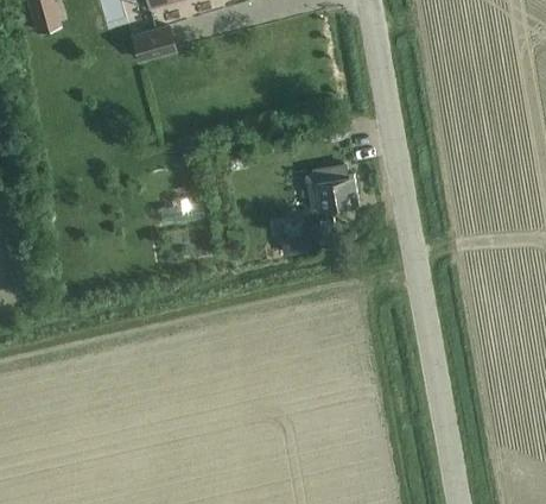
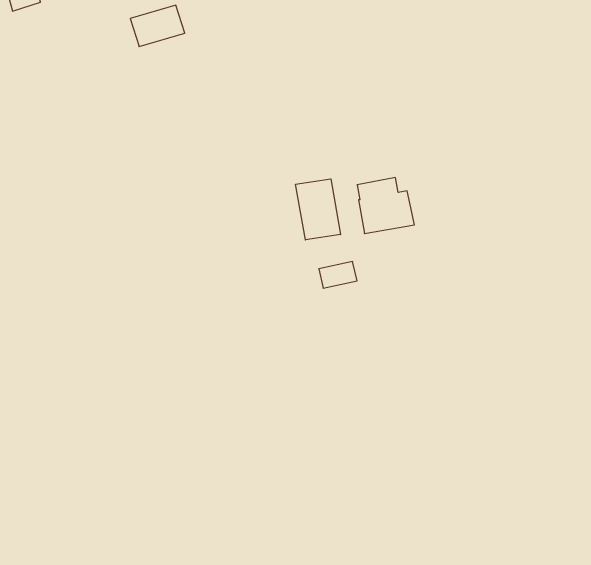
building: none -> [296,179,341,240]

